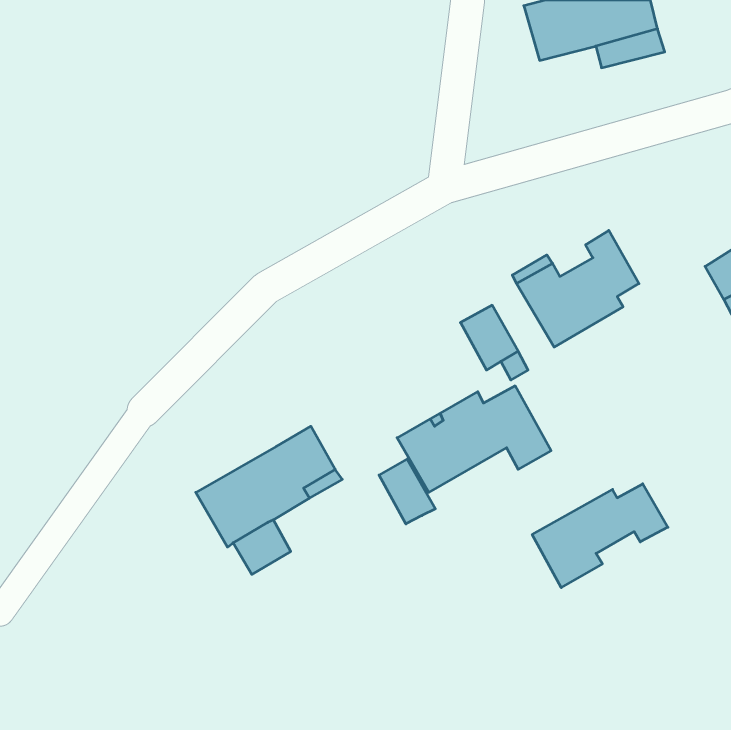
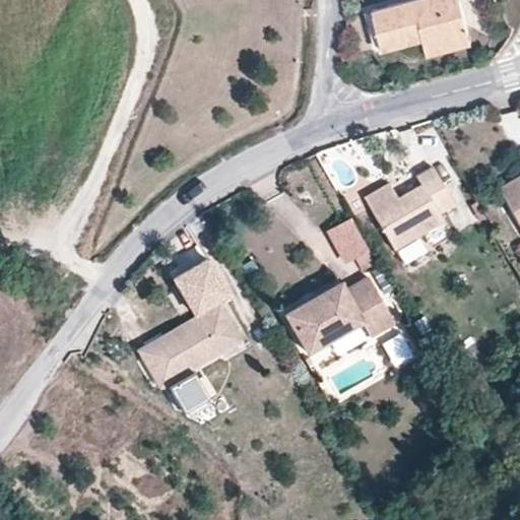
building: none -> [172,254,233,319]
building: [379,459,435,524] -> none
building: [532,484,668,588] -> none

